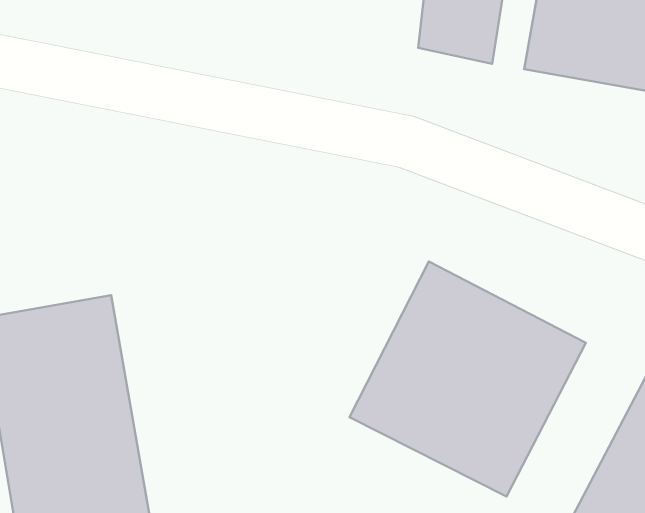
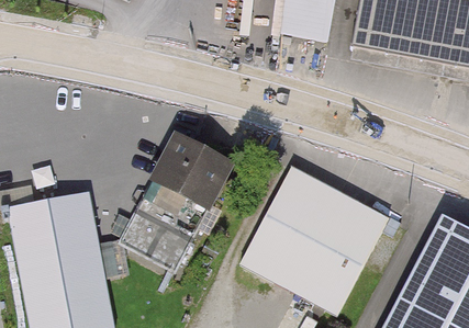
building: none -> [119,135,232,272]

